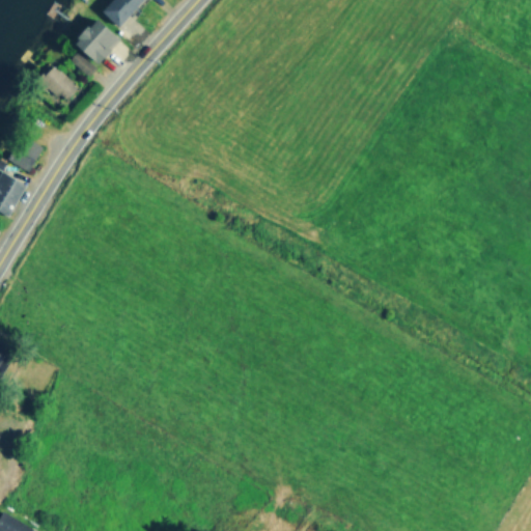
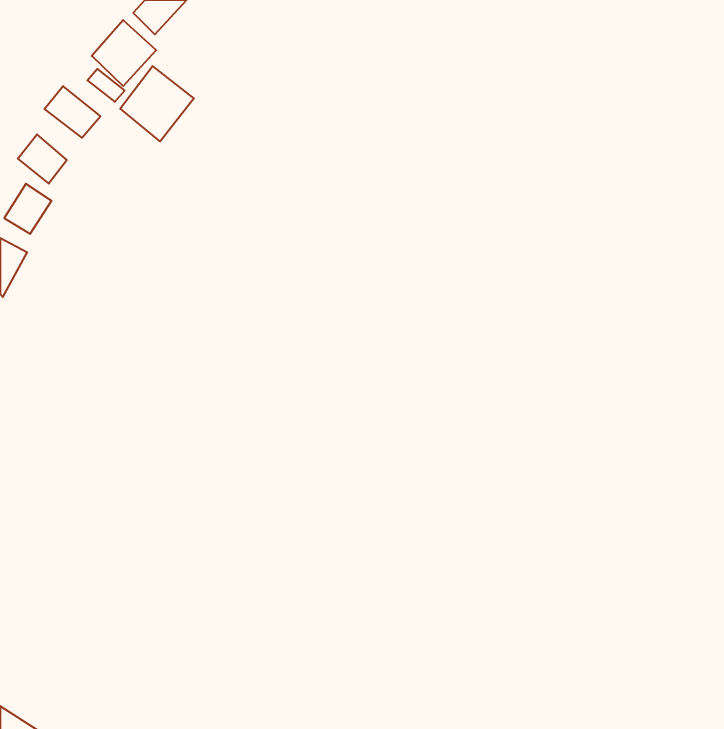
building: none -> [120,66,194,141]
building: none -> [18,134,67,184]

